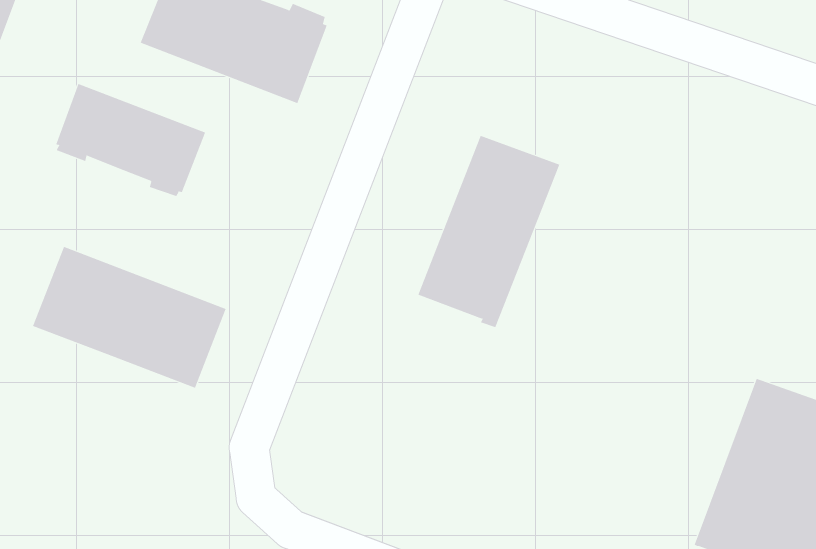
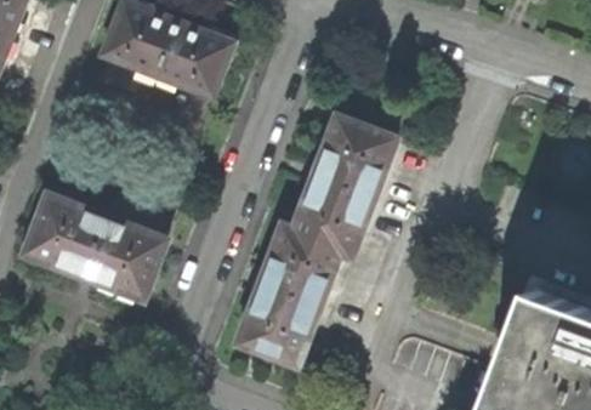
building: [56,83,206,197] -> none
building: none -> [241,226,341,360]

